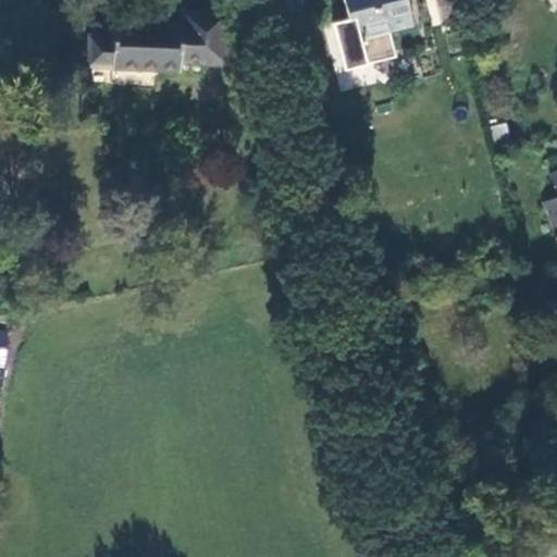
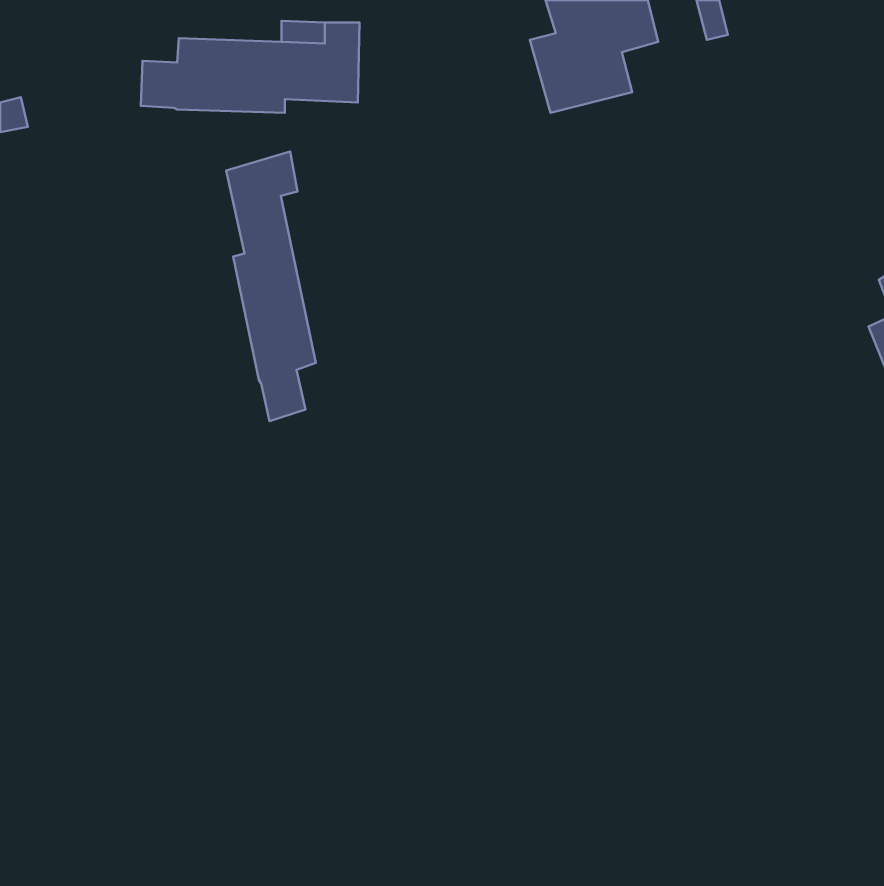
building: none -> [226,151,316,421]

